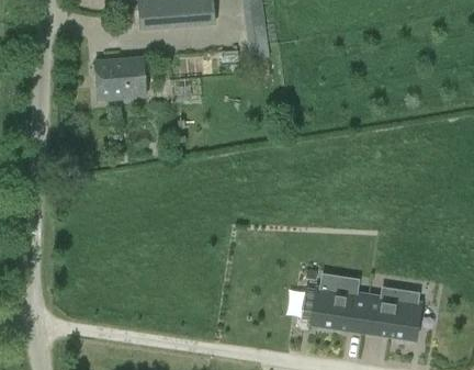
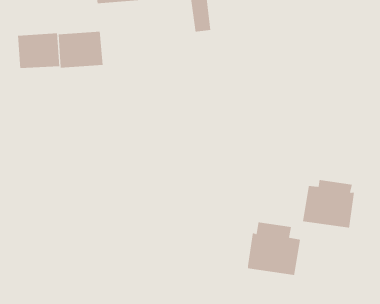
building: none -> [18,32,60,69]
building: [362,285,421,340] -> [302,180,355,228]

